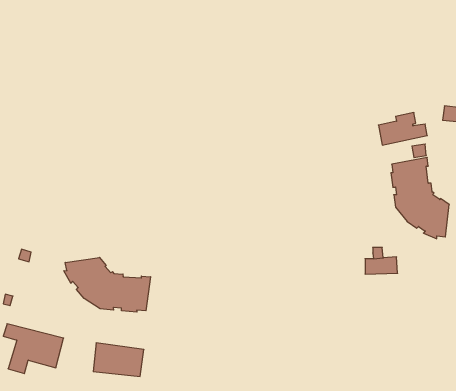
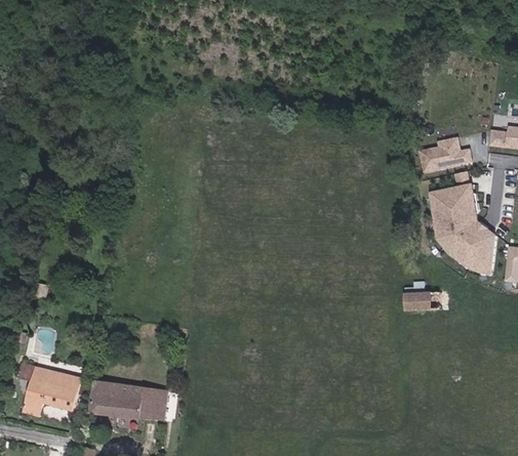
building: [64,257,151,312] -> none
building: none -> [89,380,116,414]

